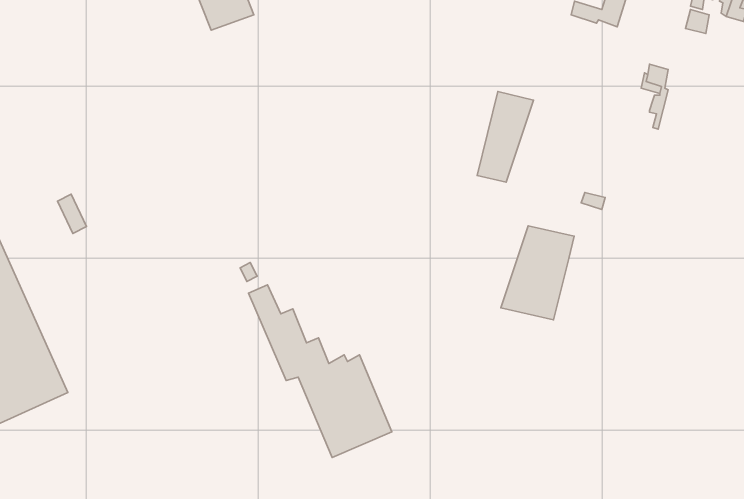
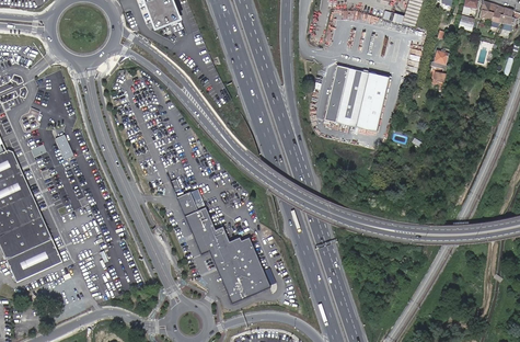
building: [501,226,574,320] -> [343,73,390,134]

